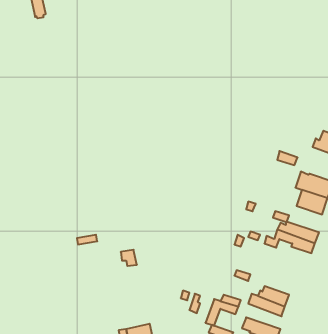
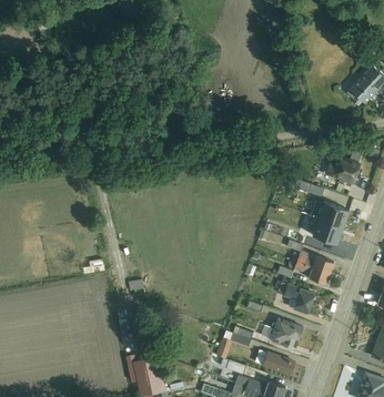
building: none -> [274,281,314,313]

